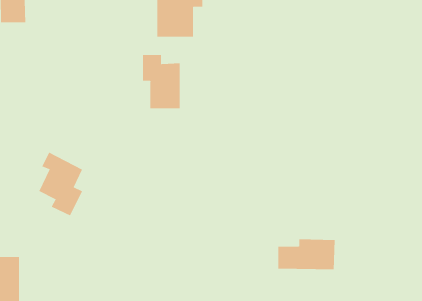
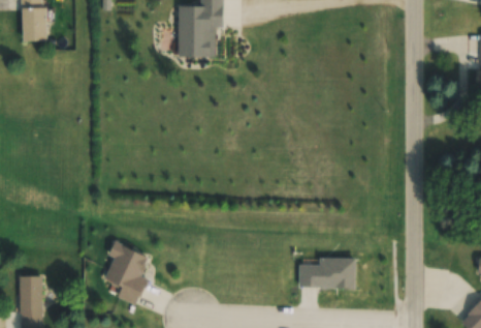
building: [142,54,180,109] -> none
building: [38,152,83,216] -> [103,239,148,303]

